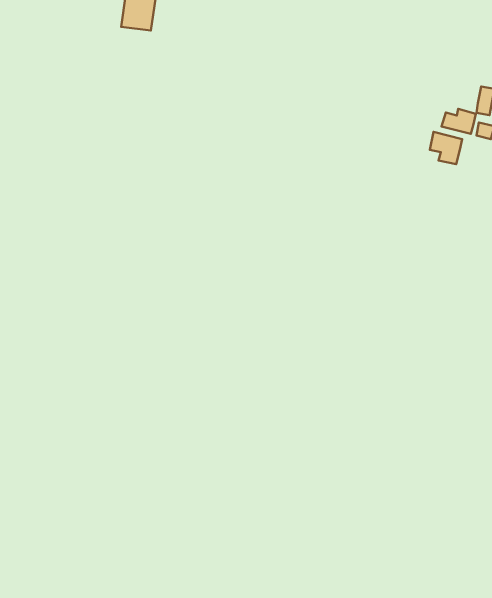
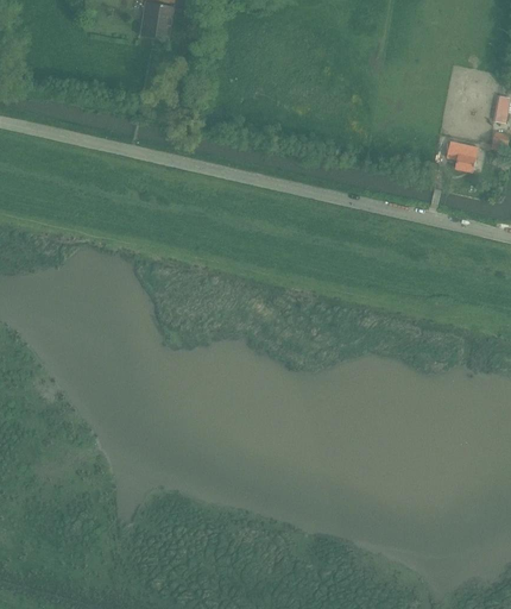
building: [442,109,476,134] -> none

